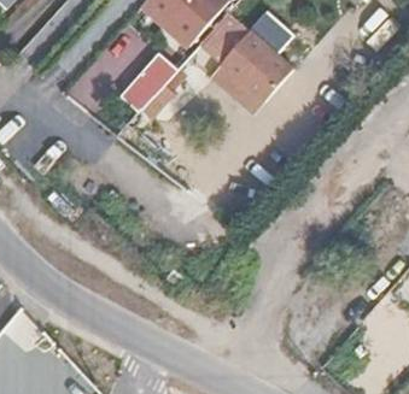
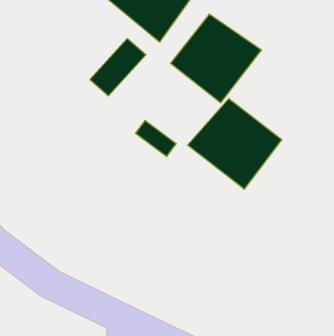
building: none -> [187,99,282,189]

